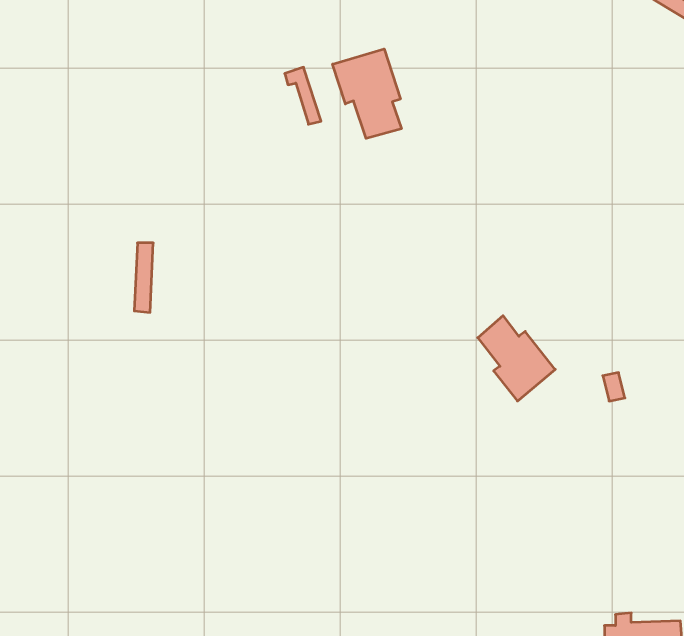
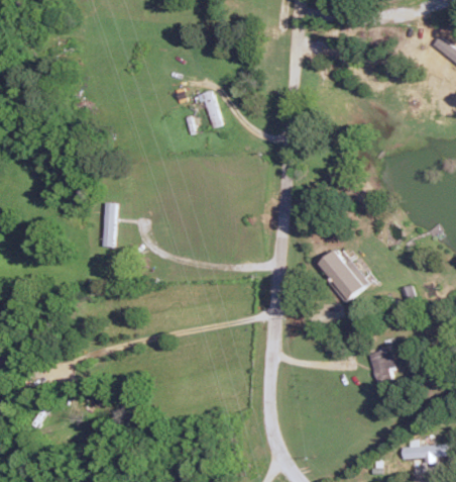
building: [333,49,401,138] -> none
building: none -> [369,349,394,382]

